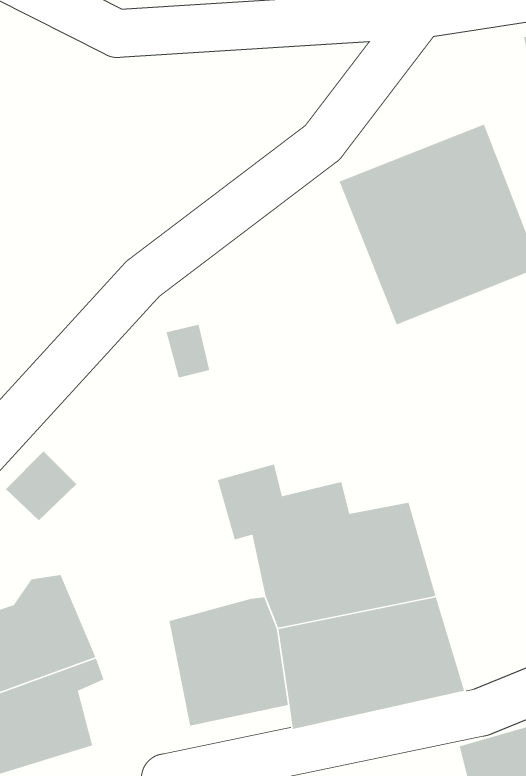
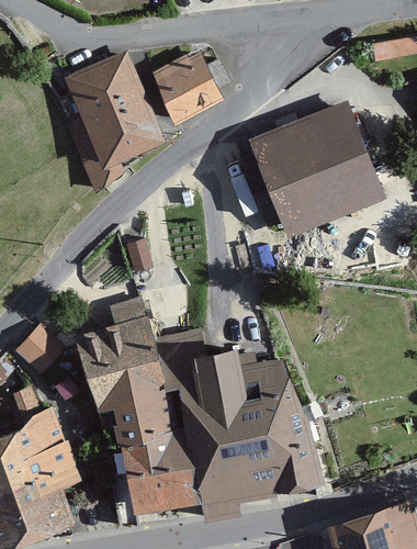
building: none -> [61,51,165,187]
building: none -> [148,52,222,126]
building: none -> [86,310,184,446]

